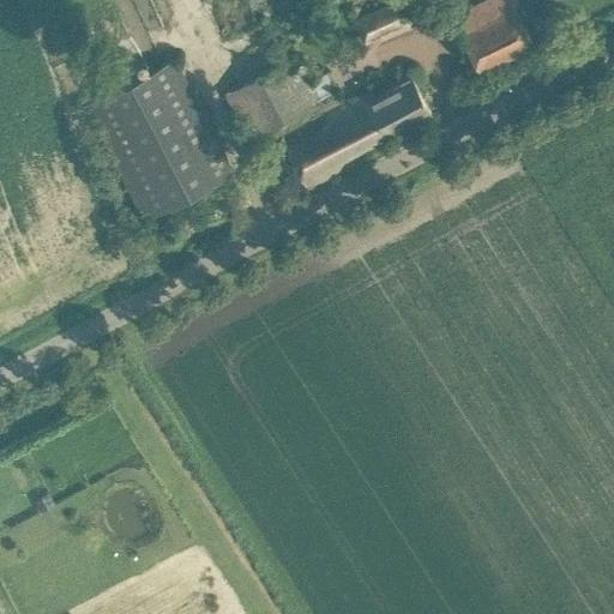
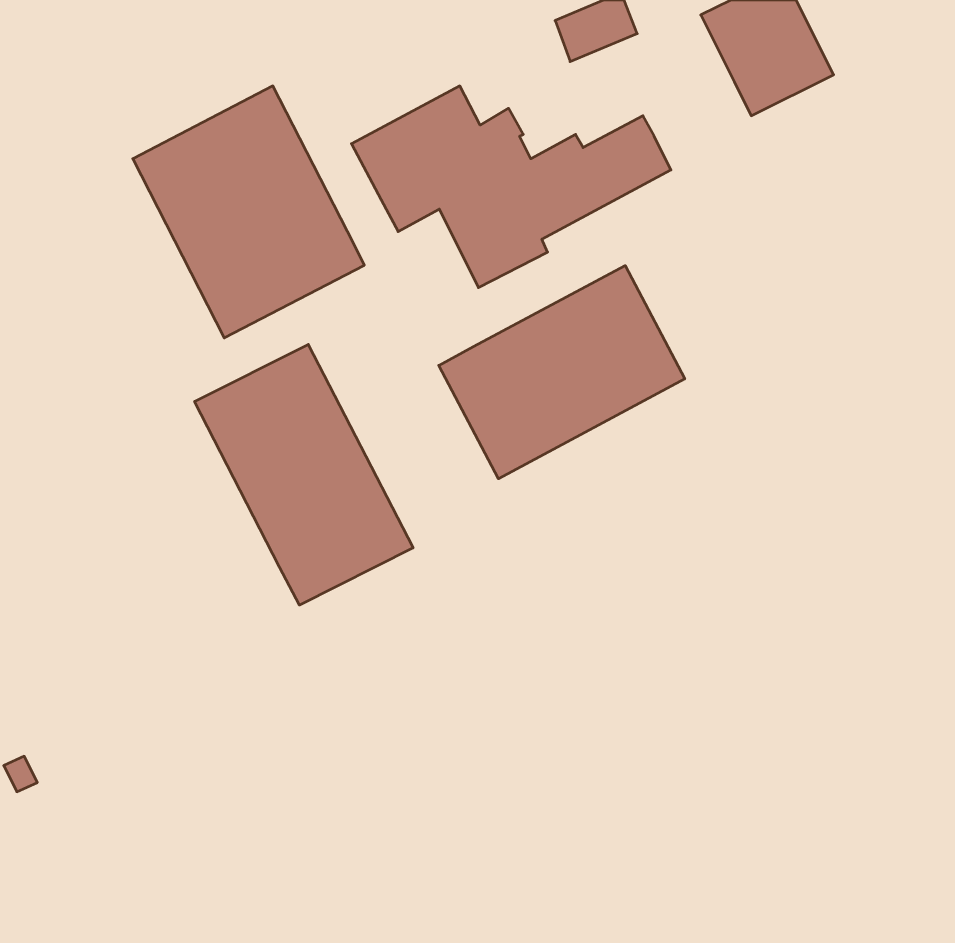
building: none -> [439,266,685,479]
building: none -> [195,344,413,605]

